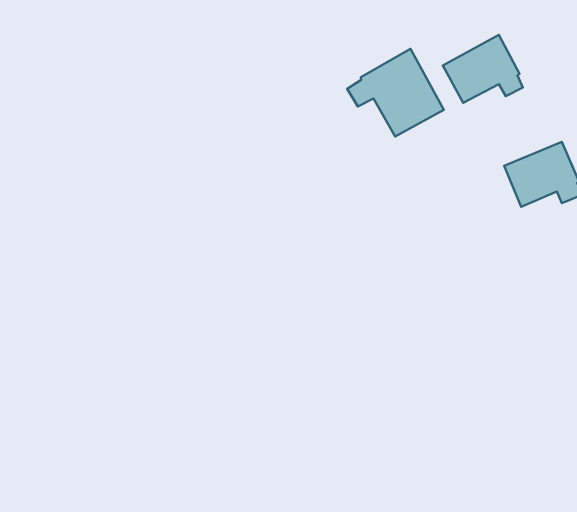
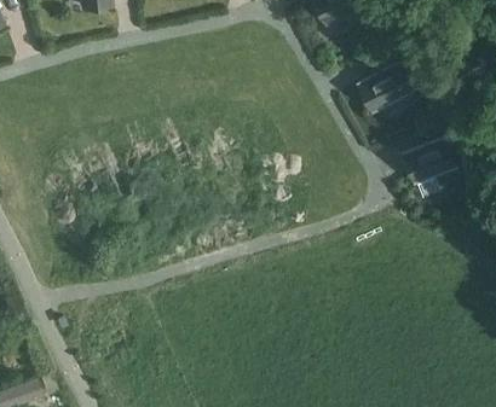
building: [347,49,444,136] -> none

